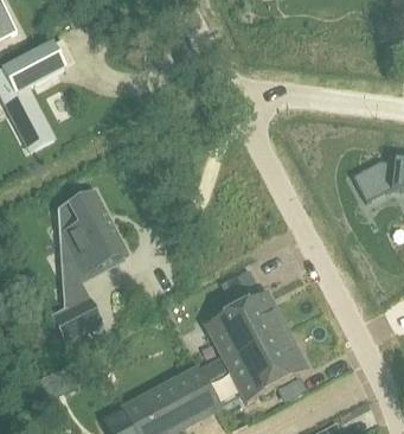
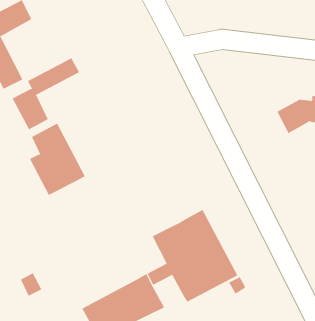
building: none -> [12,58,80,130]
building: [54,299,100,340] -> none

